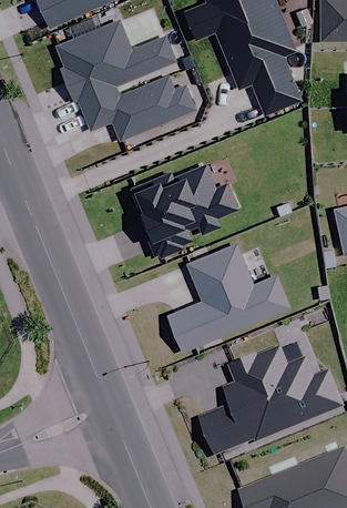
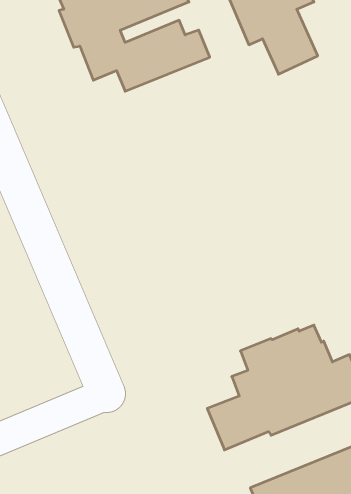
building: [131,165,237,258] -> none
building: [166,245,290,353] -> none

